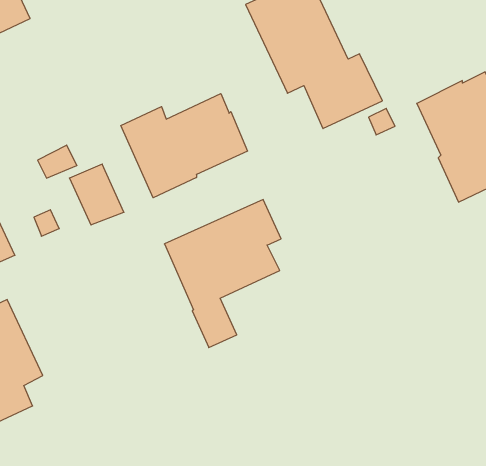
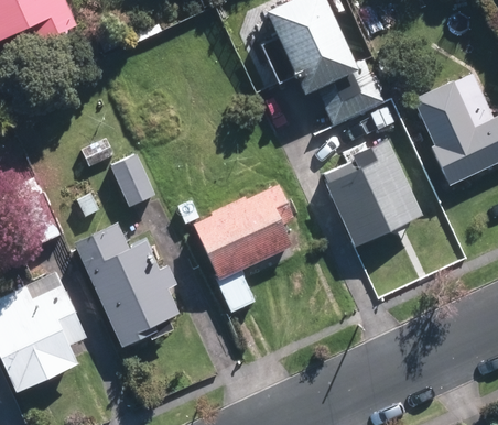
building: [121,94,247,198] -> none
building: none -> [323,134,420,243]
building: none -> [73,220,180,346]

